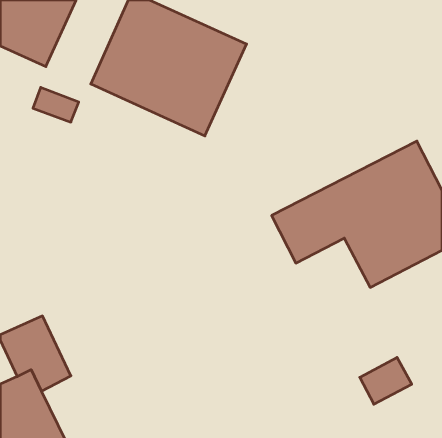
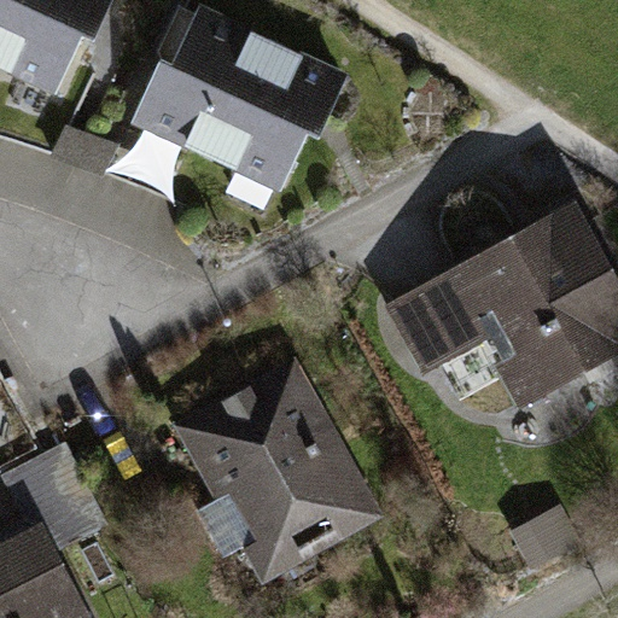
building: none -> [185,365,379,579]

